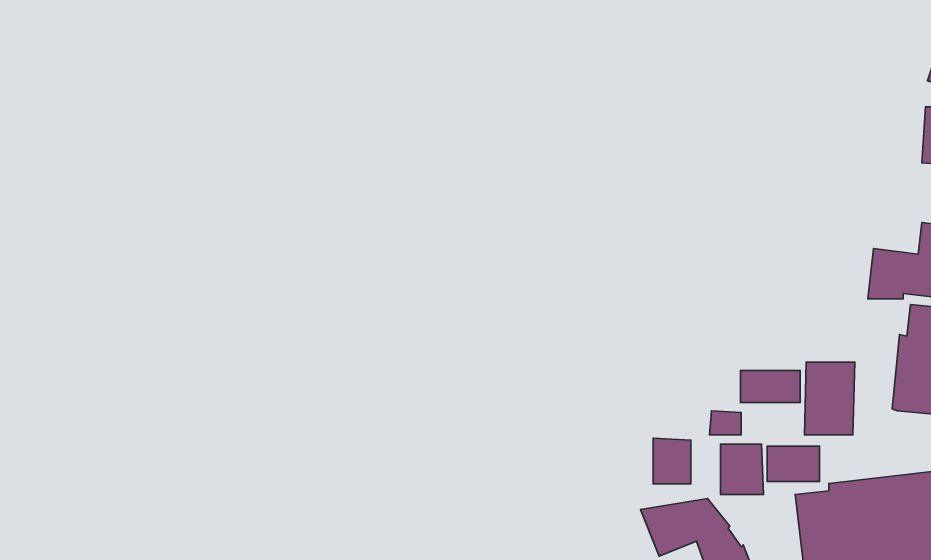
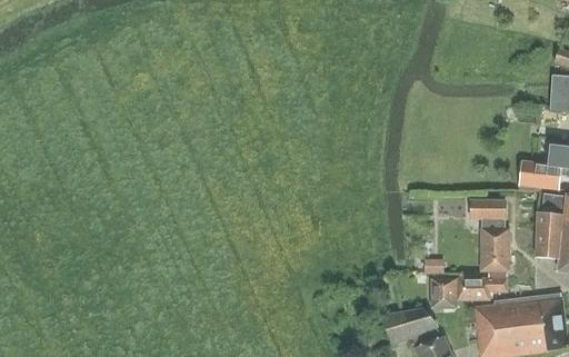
building: [741,371,800,402] -> [469,199,505,218]
building: [653,438,691,484] -> none

